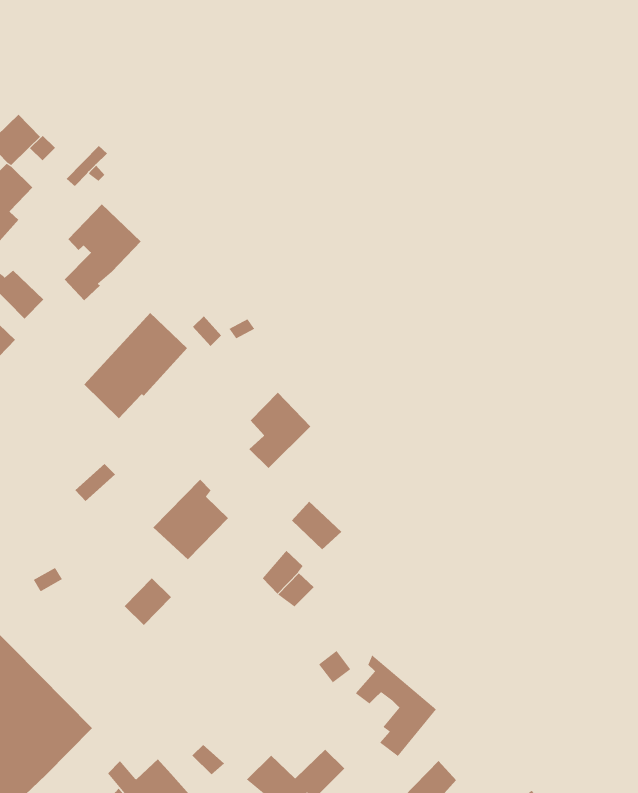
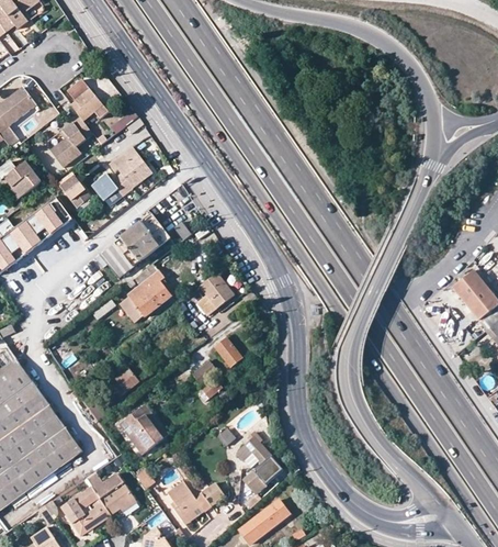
building: [152,479,229,560] -> [126,270,171,316]
building: none -> [118,403,170,455]

